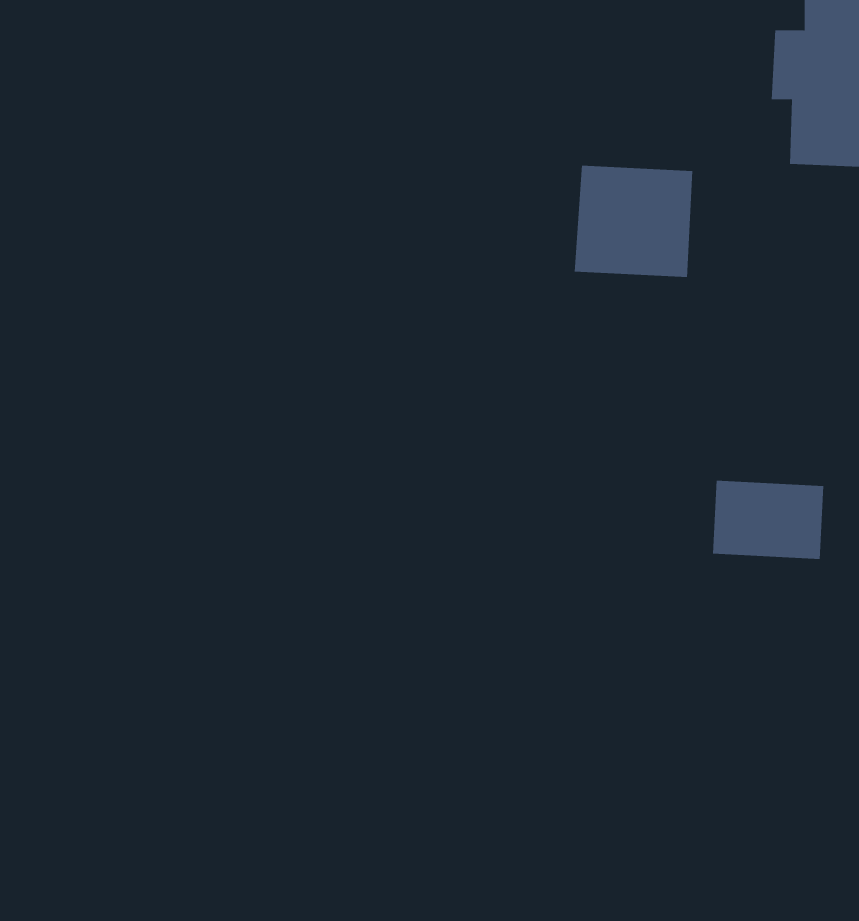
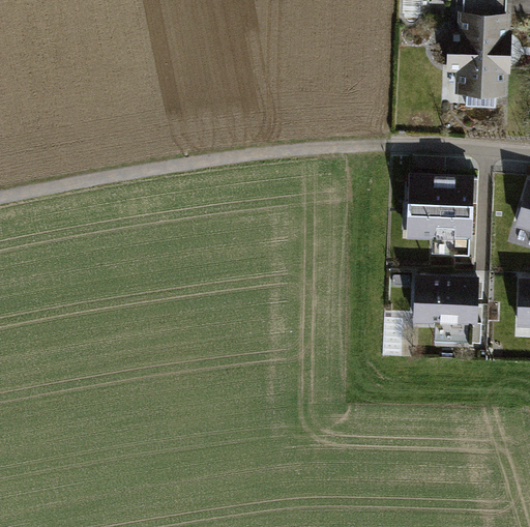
building: [574,165,693,277] -> [406,172,473,235]

